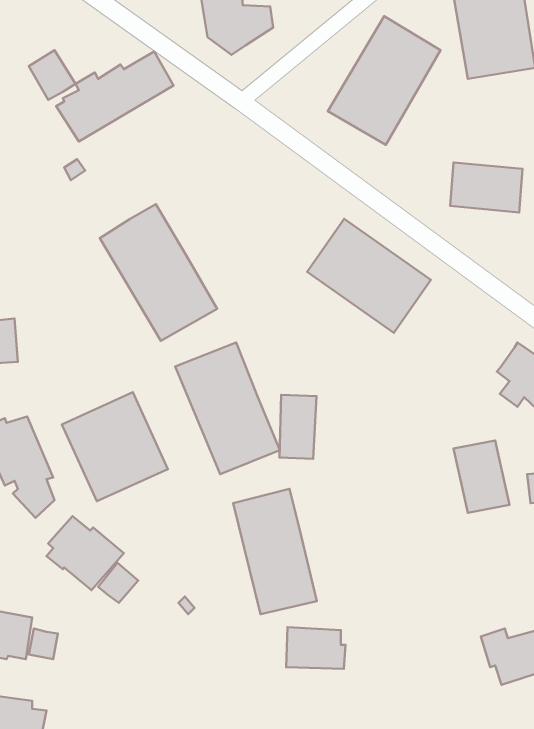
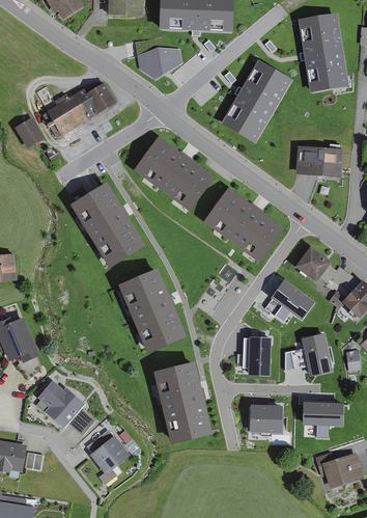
building: [29,50,76,100] -> [15,115,45,147]
building: none -> [132,133,215,210]
building: none -> [293,243,337,283]
building: none -> [269,277,316,322]
building: [62,392,168,501] -> none
building: [280,395,317,459] -> [248,335,272,377]
building: none -> [305,406,343,428]
building: none -> [86,429,130,485]
building: [286,627,346,669] -> [248,407,286,434]

